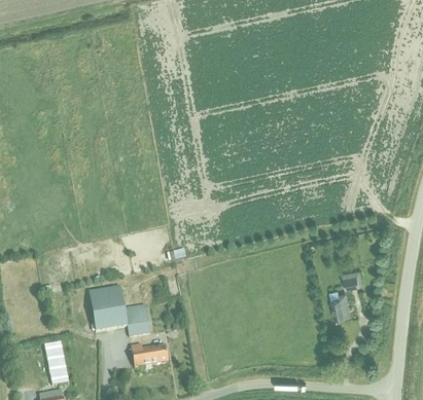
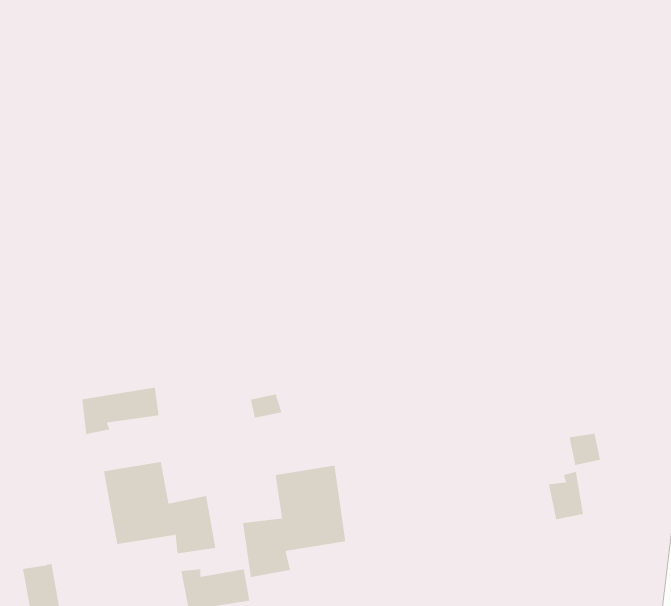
building: none -> [82,387,159,435]
building: none -> [243,465,346,578]

